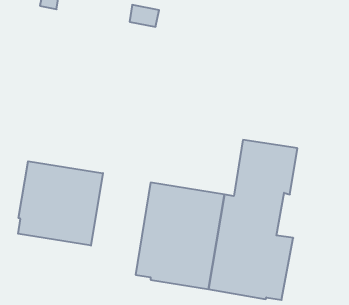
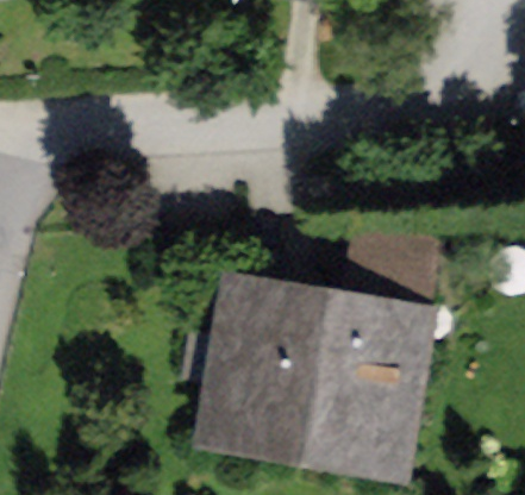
building: [18,161,103,246] -> none

